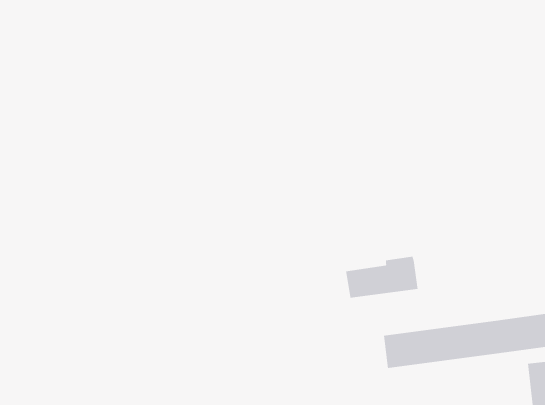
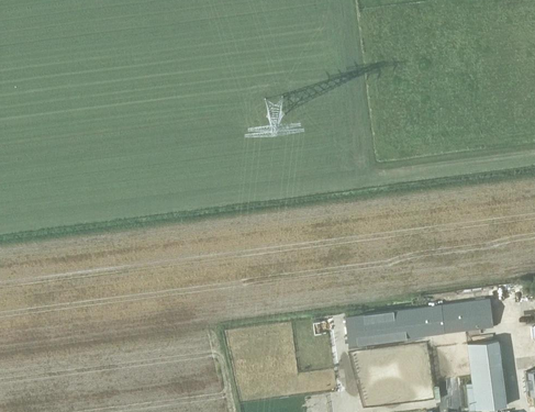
building: [346,256,418,299] -> none

